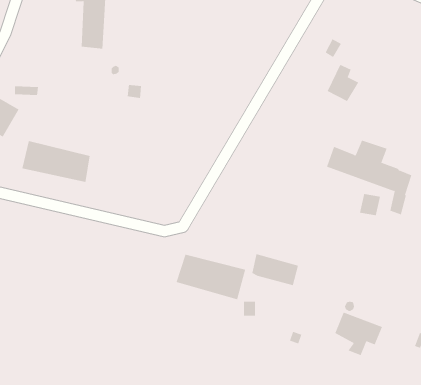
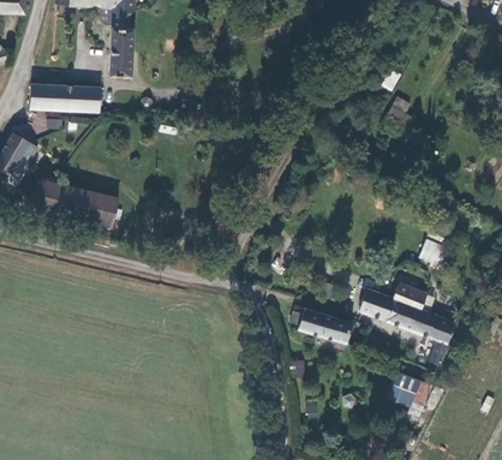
building: none -> [30,85,98,113]
building: [326,140,412,215] -> [358,281,454,365]
building: [176,254,246,300] -> none

